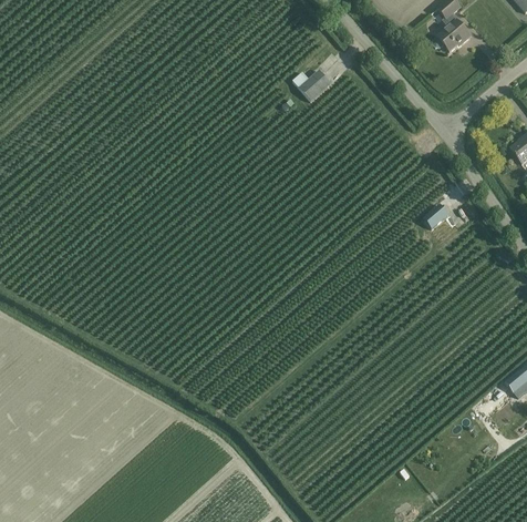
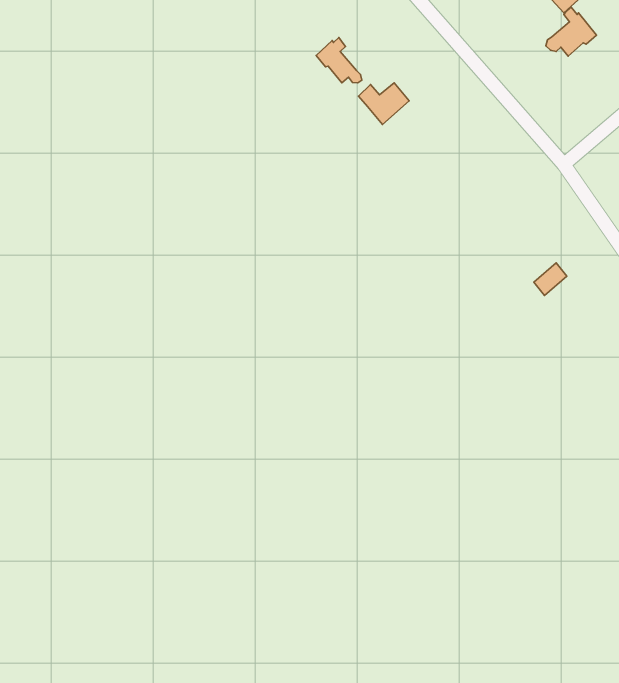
building: none -> [316,38,362,83]

